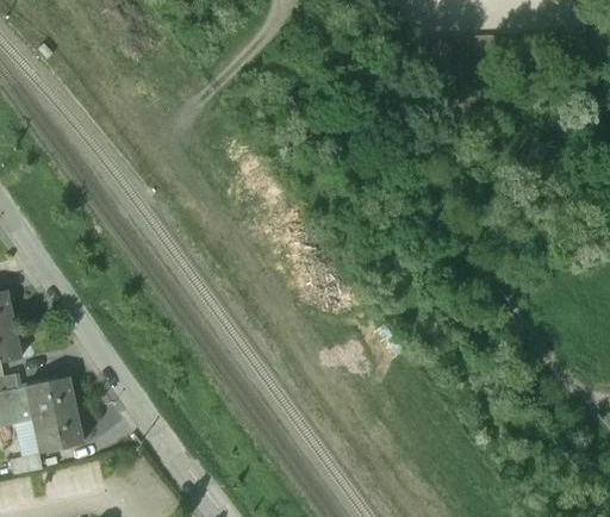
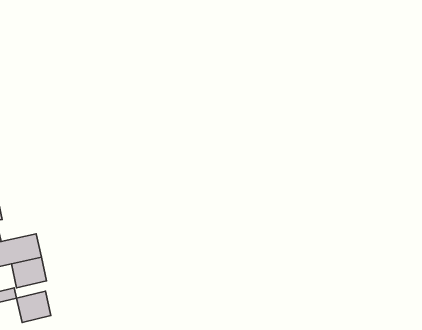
building: none -> [17,291,51,322]

